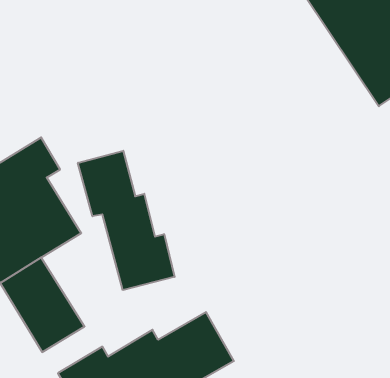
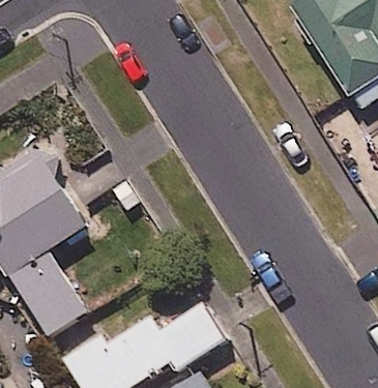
building: [78,151,175,290] -> none

